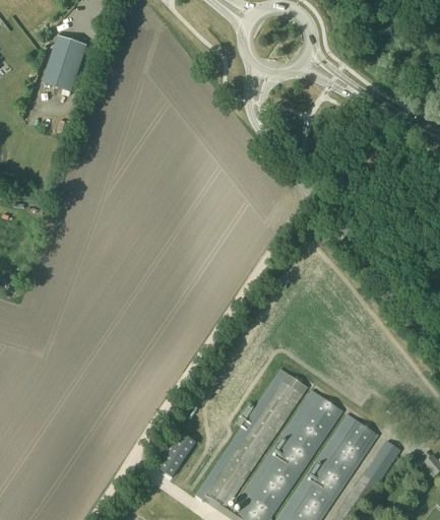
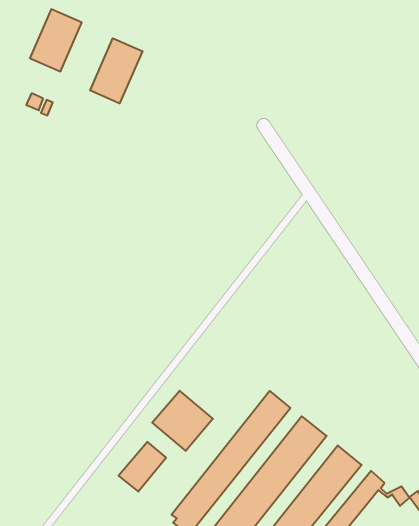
building: none -> [90,38,142,103]
building: none -> [152,391,213,451]

